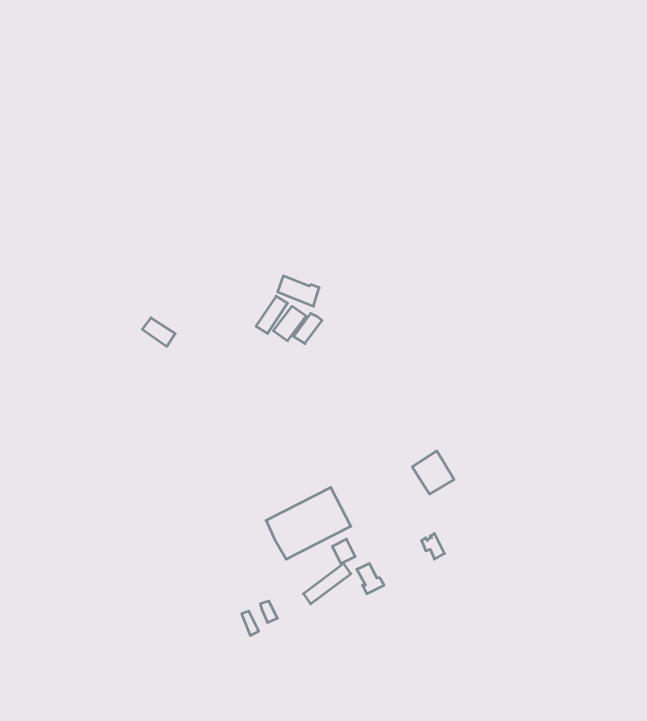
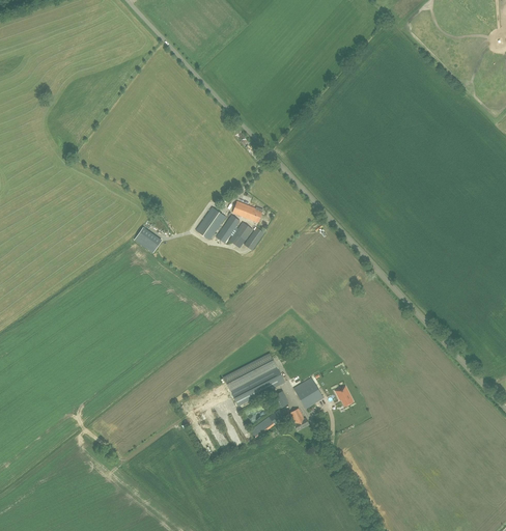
building: none -> [196,206,226,239]
building: [412,451,454,494] -> [293,376,324,408]

